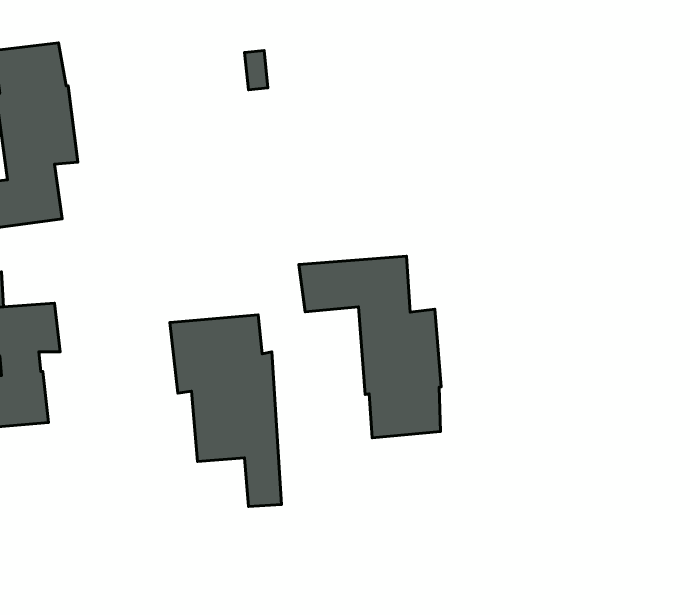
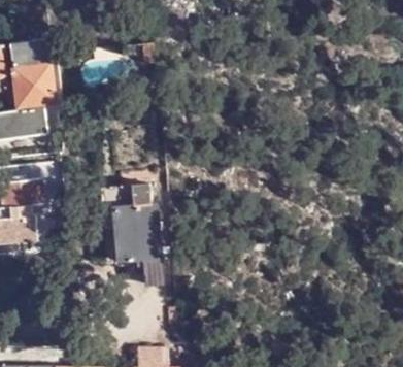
building: [299,256,441,438] -> none

